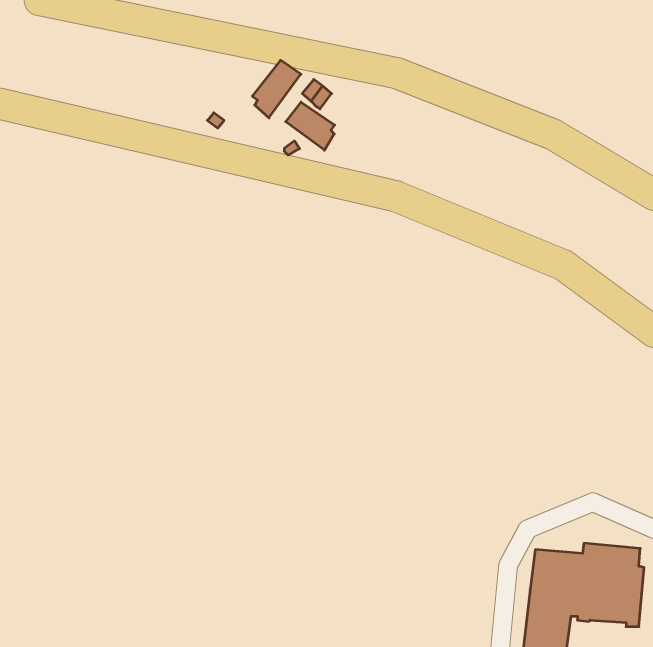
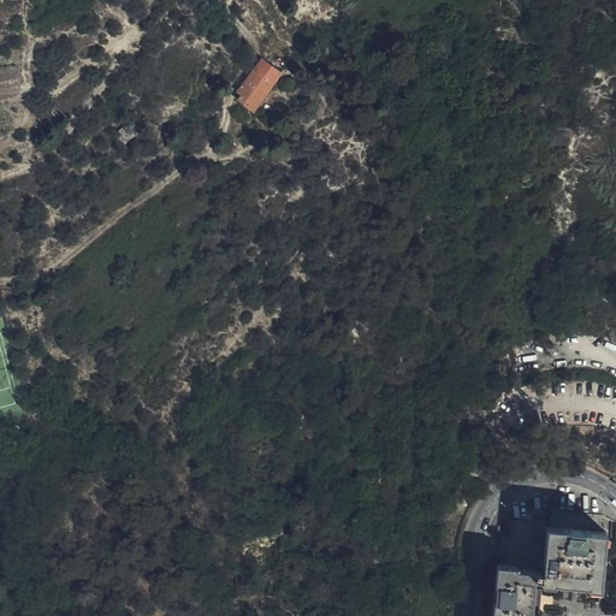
building: [286,102,335,150] -> none

